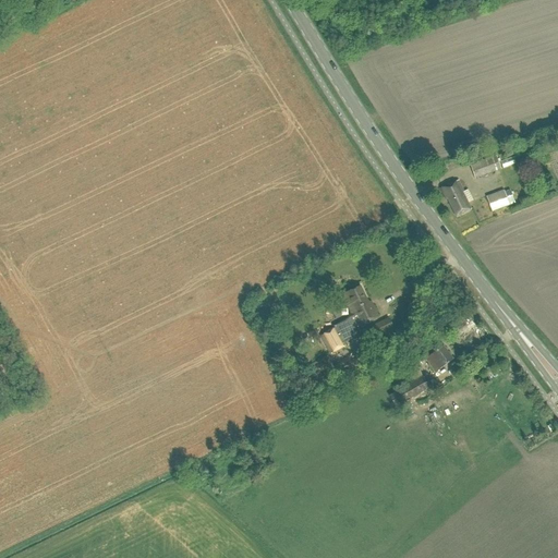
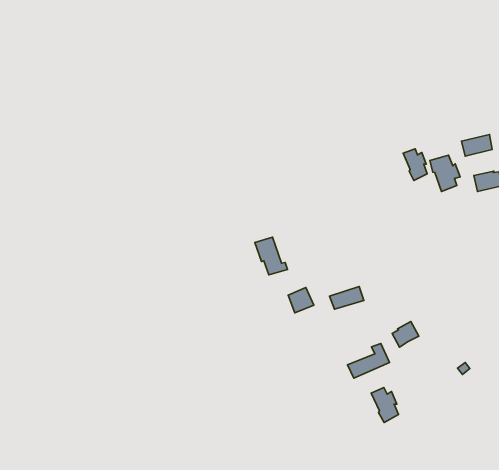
building: none -> [403,149,427,181]
building: [341,287,376,324] -> [255,237,288,275]
building: none -> [371,387,399,423]

